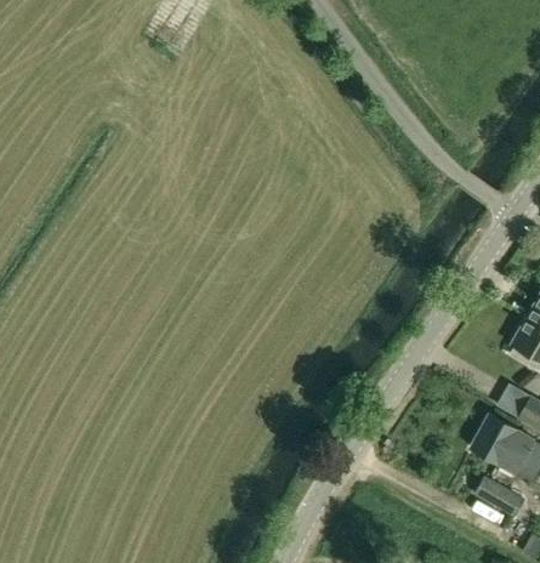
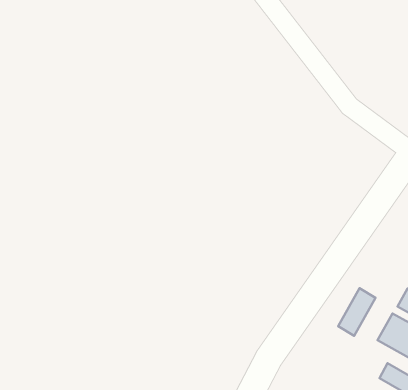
building: none -> [338,288,376,336]

